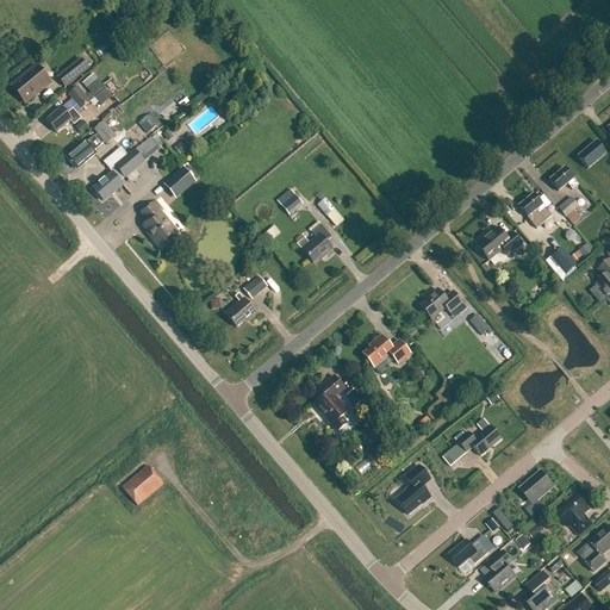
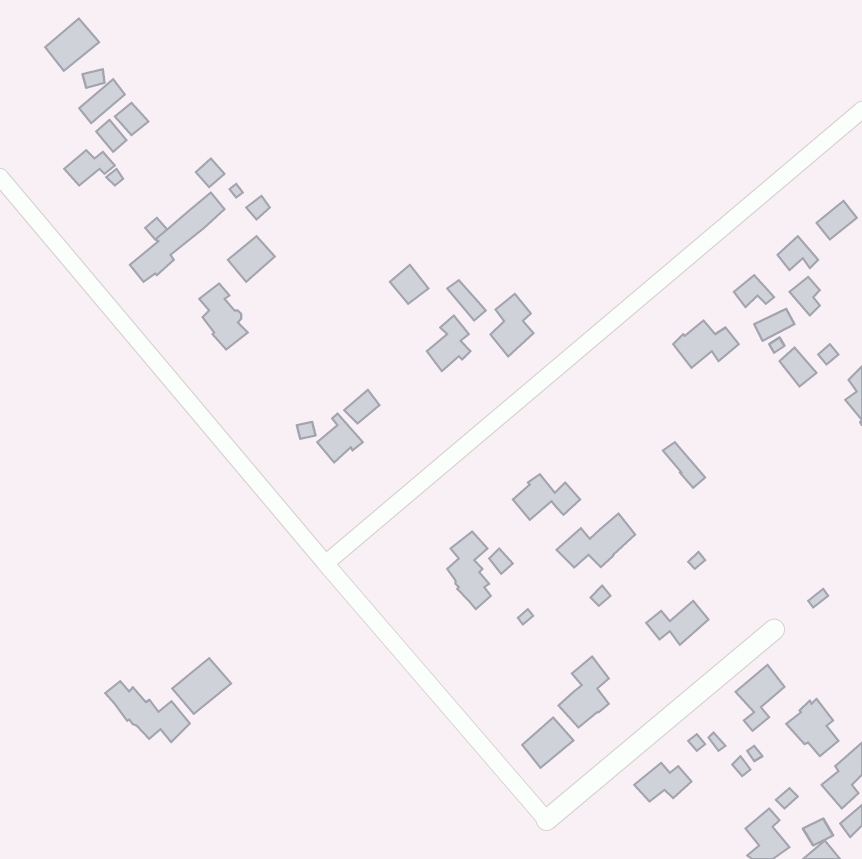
building: [12,64,50,101] -> [45,19,99,71]
building: [67,120,116,167] -> none
building: none -> [490,294,534,356]
building: [419,288,462,319] -> none
building: none -> [557,513,635,567]
building: none -> [105,681,190,742]
building: none -> [522,717,573,768]
building: [484,550,516,592] -> none

